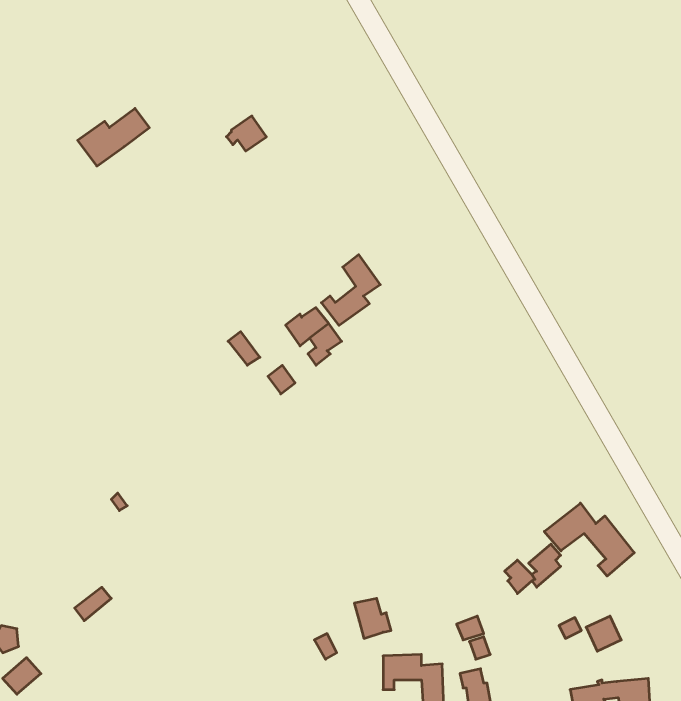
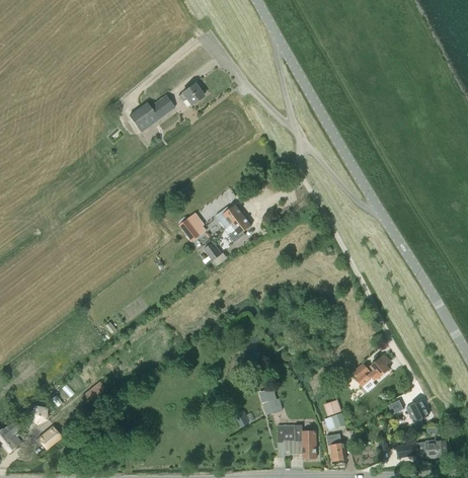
building: [78,108,149,166] -> [129,94,174,131]
building: [321,255,380,325] -> none
building: [544,503,634,576] -> none

